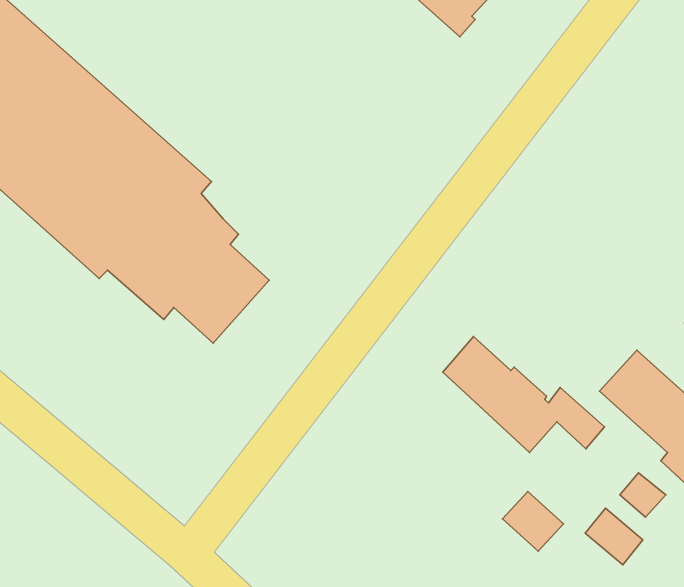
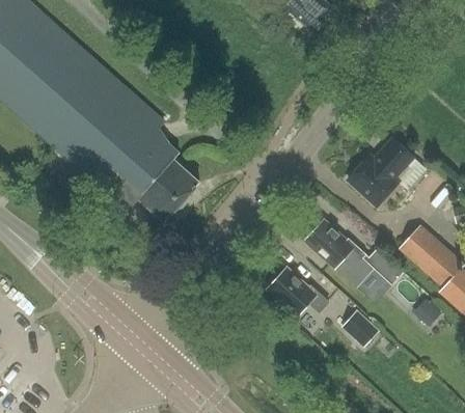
building: none -> [350,138,414,203]
building: none -> [268,266,330,314]
building: [585,508,643,565] -> none

